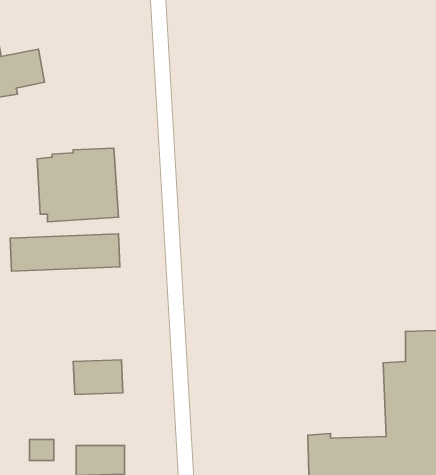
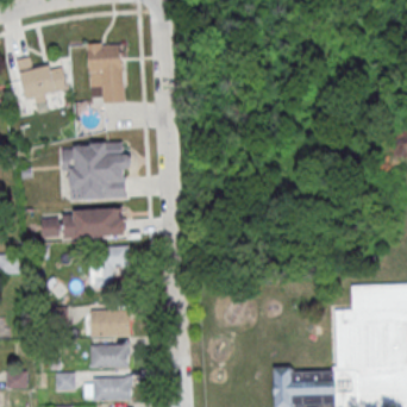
building: none -> [88,43,125,102]
building: none -> [92,246,131,287]
building: none -> [90,344,129,368]

